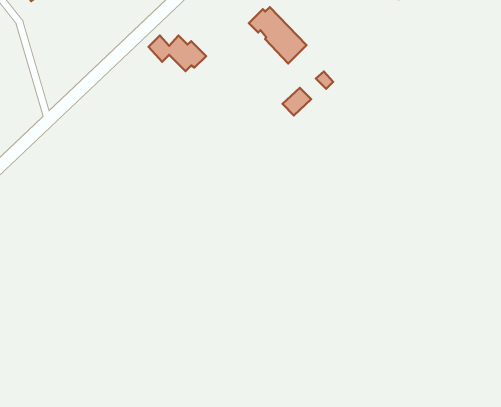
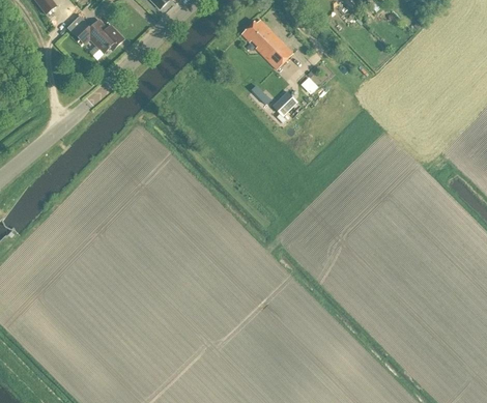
building: [148,35,206,71] -> [70,19,122,51]

